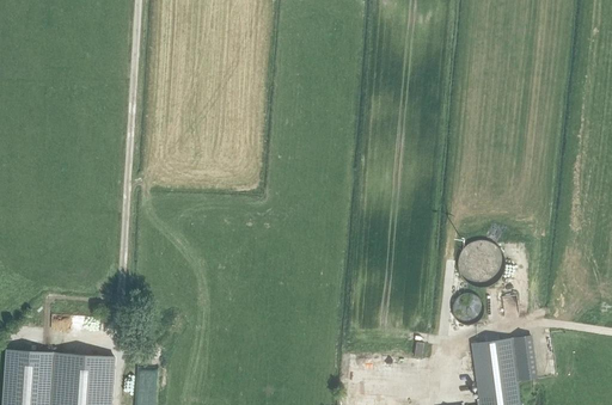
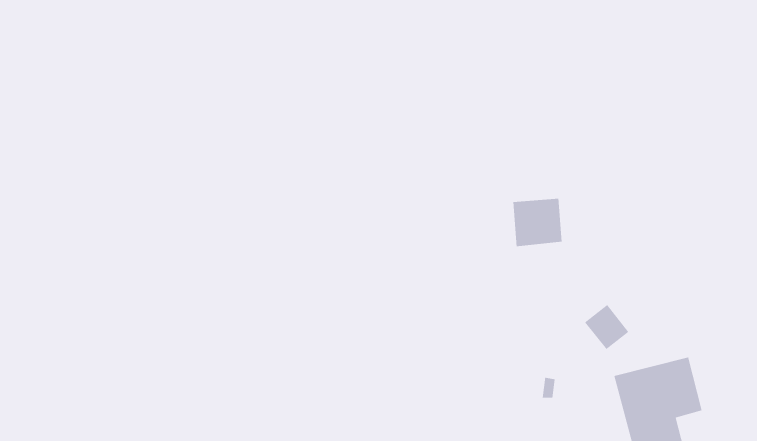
building: [465,240,502,275] -> [512,198,562,247]

